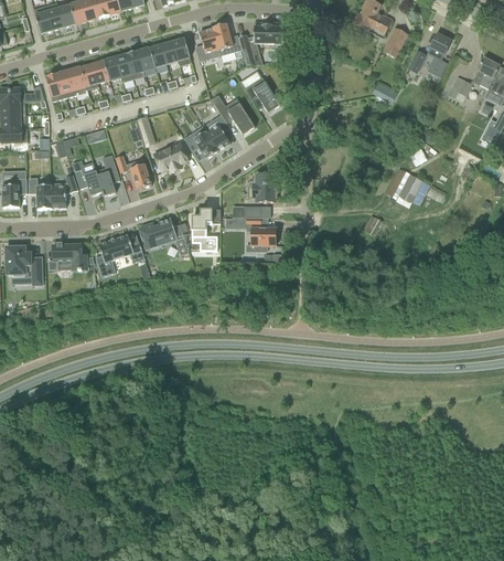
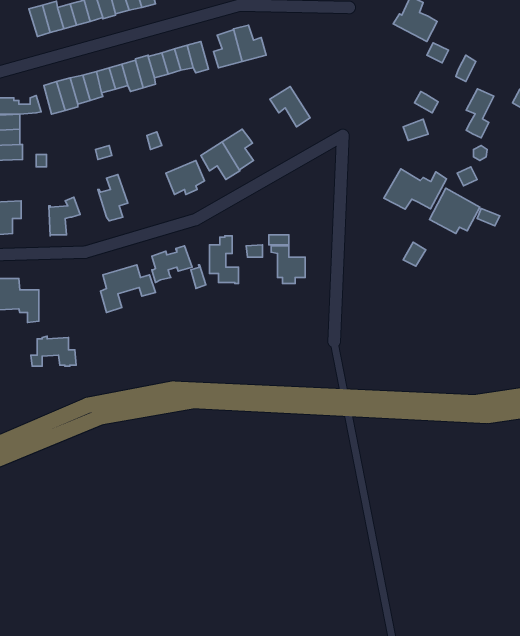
building: [238,24,283,54] -> none
building: [427,33,451,76] -> [466,89,494,138]
building: [212,95,255,135] -> none
building: none -> [384,169,446,209]
building: [115,155,151,189] -> none
building: [72,160,101,195] -> none
building: [253,172,276,202] -> none
building: [29,178,52,209] -> none
building: [47,243,87,269] -> [31,336,76,366]

